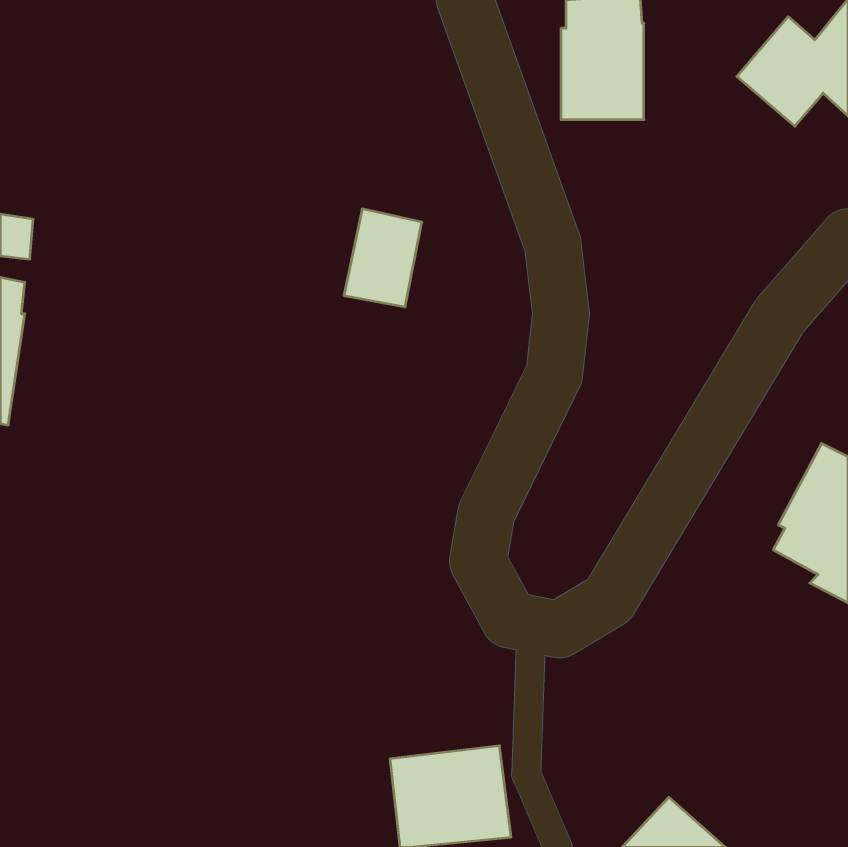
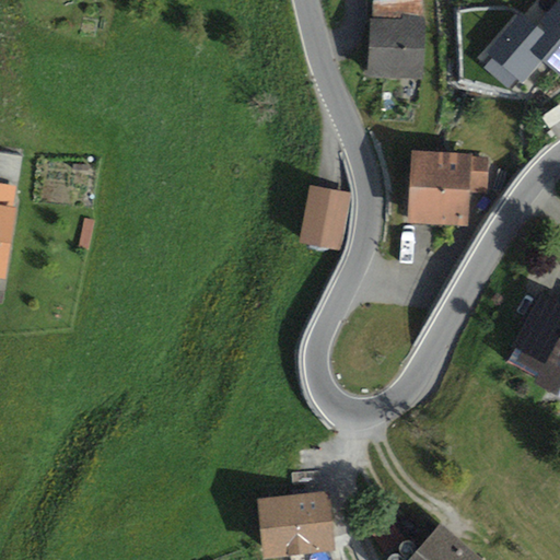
building: [344,209,422,307] -> [299,185,350,249]
building: none -> [408,150,489,226]

